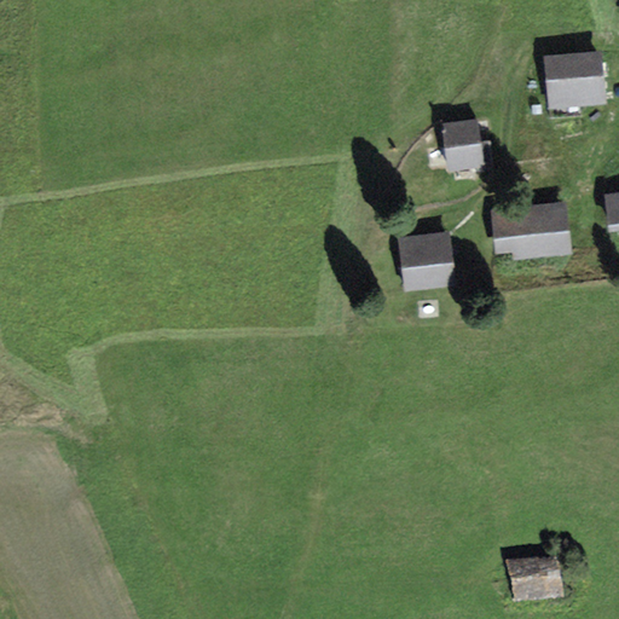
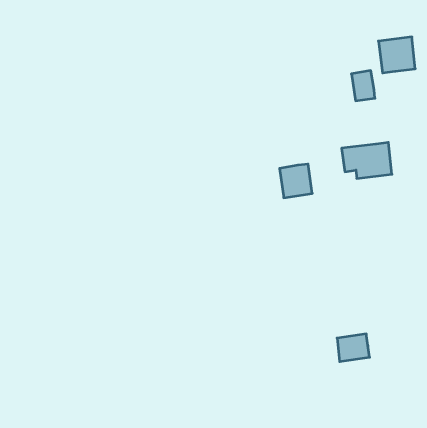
building: [445,121,479,164] -> [351,71,375,101]
building: [510,557,557,597] -> [337,334,370,362]

